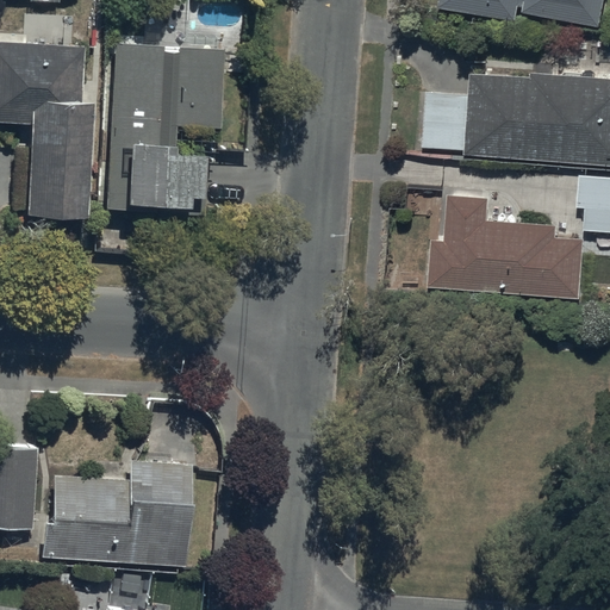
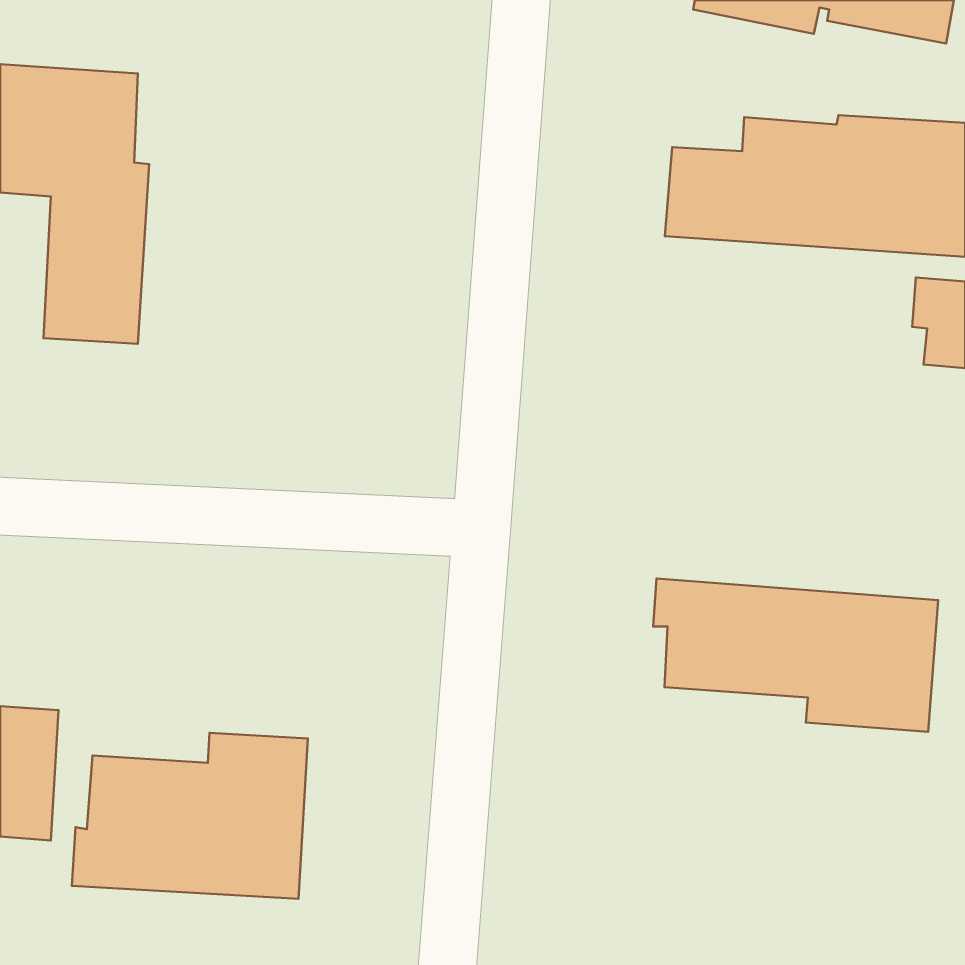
building: [108,45,226,214] -> none
building: [424,195,581,298] -> none
building: none -> [653,578,938,732]

